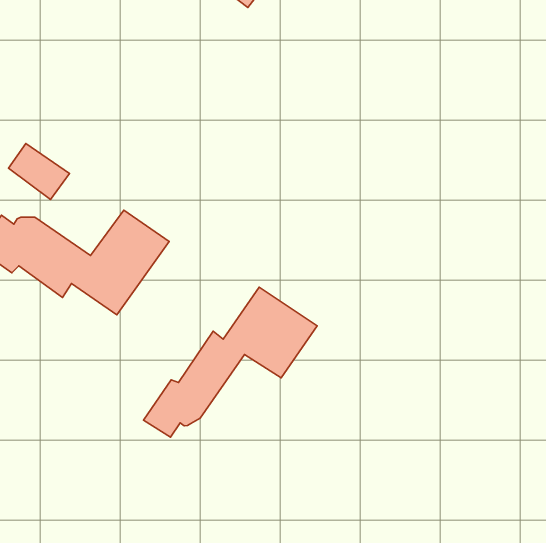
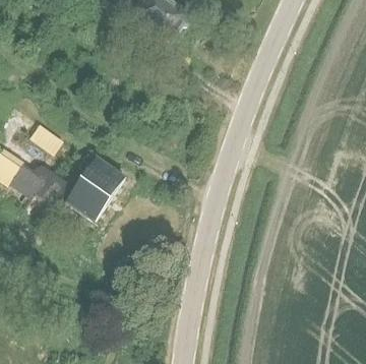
building: [144,287,317,437] -> none

